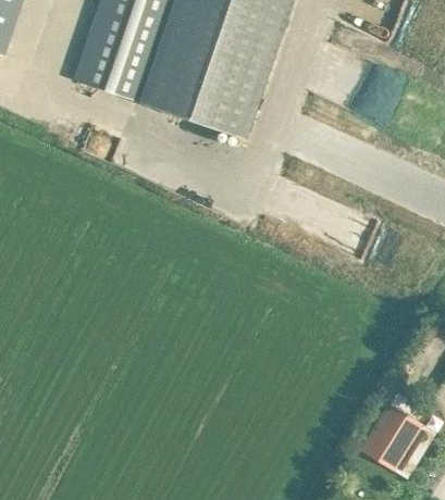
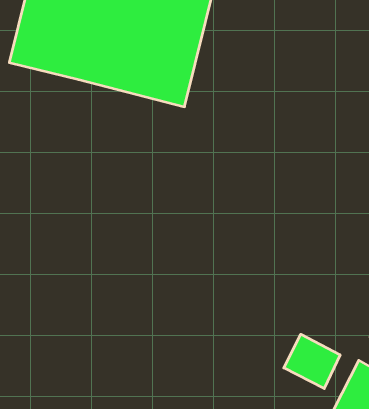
building: none -> [284,334,340,389]

